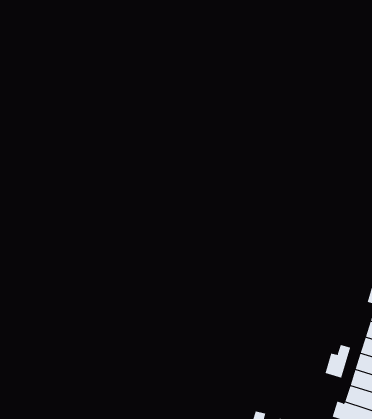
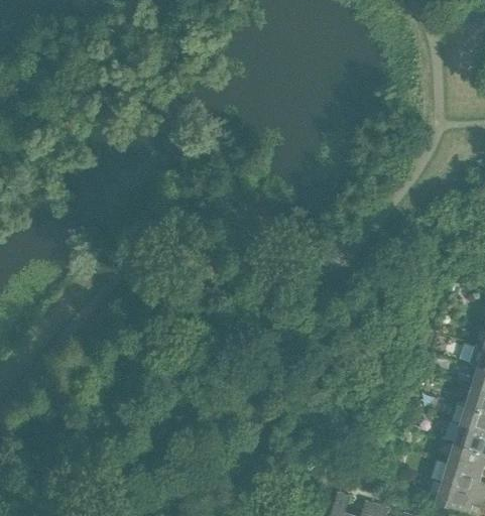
building: [325,344,351,378] -> none

